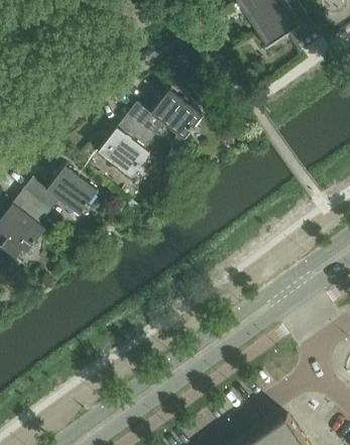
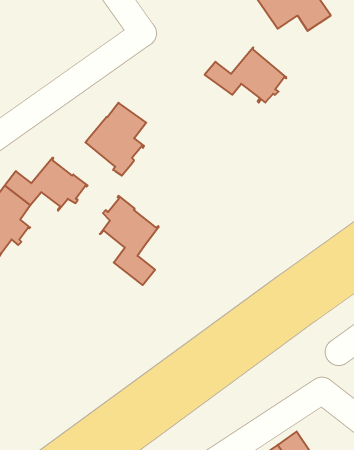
building: [125,90,200,140] -> [205,47,286,103]
building: none -> [100,196,159,285]

